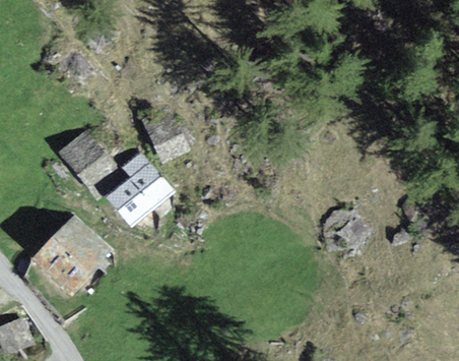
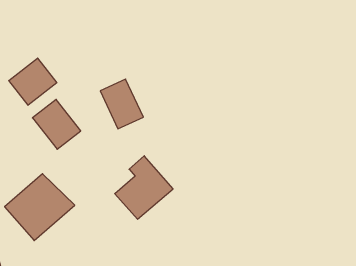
building: none -> [9,58,57,105]
building: [107,151,177,227] -> [115,156,173,219]

